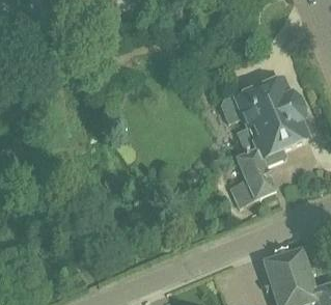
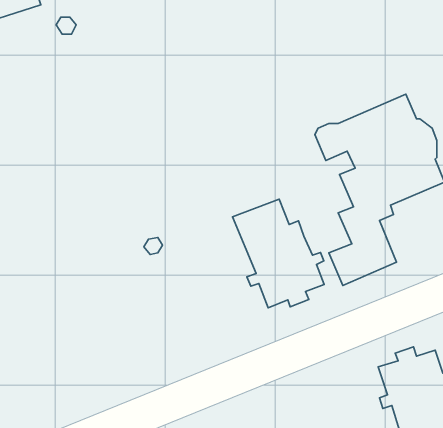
building: none -> [233,199,324,308]

